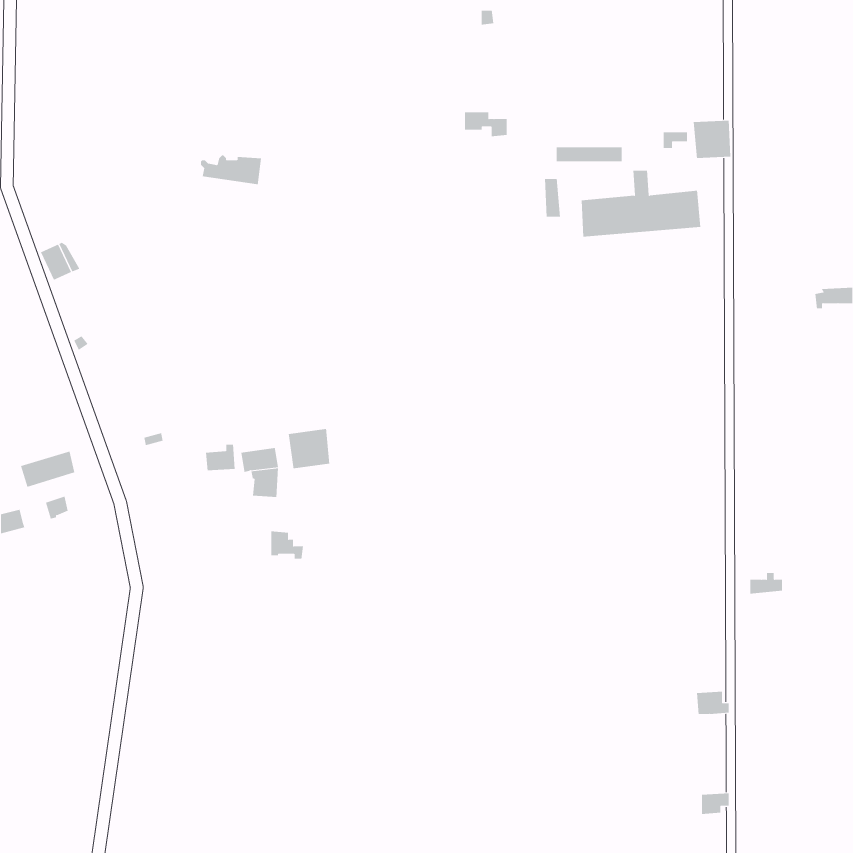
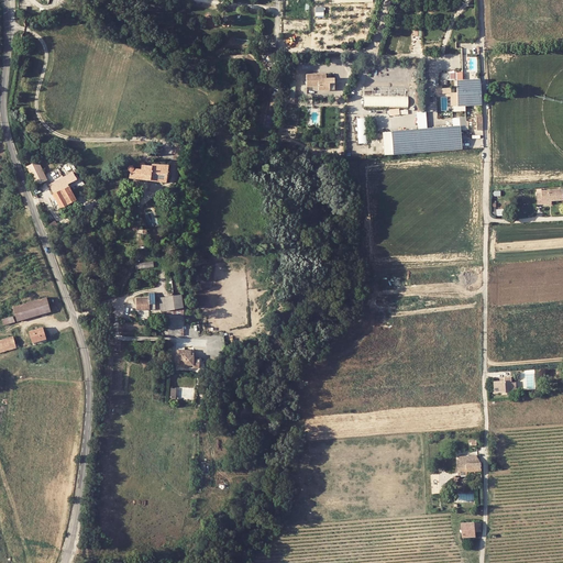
building: [200,155,262,185] -> [128,163,168,183]
building: none -> [49,169,76,208]
building: [288,428,330,469] -> none

